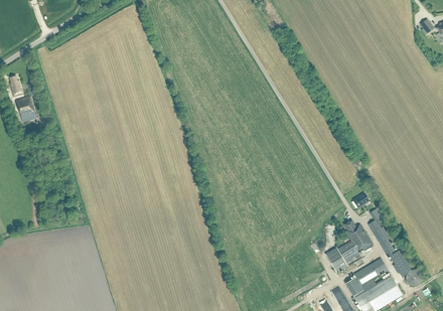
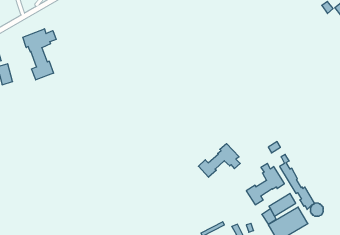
building: none -> [23,29,56,80]
building: none -> [198,144,240,177]

